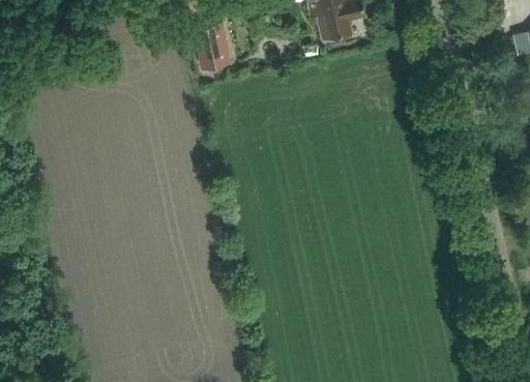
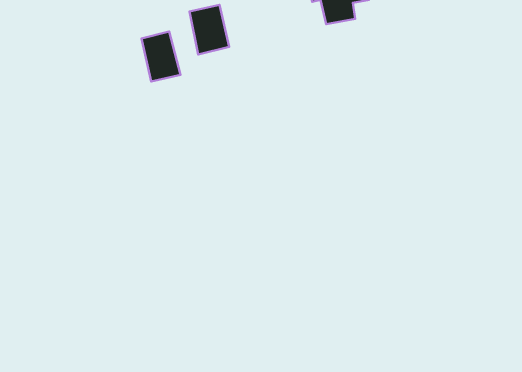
building: none -> [141,31,181,81]

